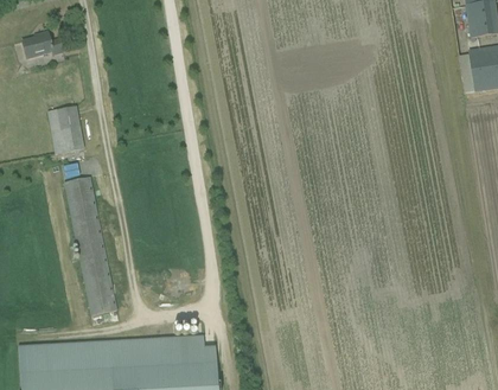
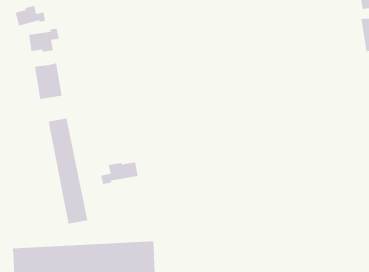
building: none -> [28,28,59,52]
building: none -> [100,161,138,185]

